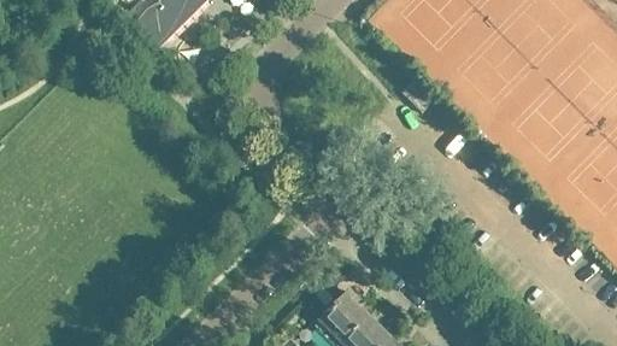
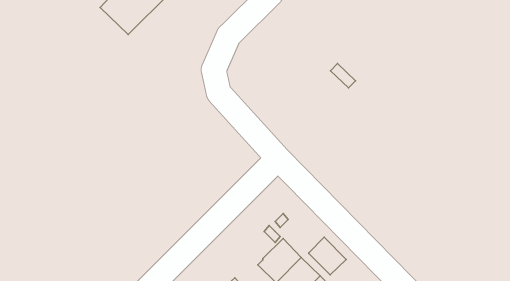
building: none -> [309,237,346,275]

